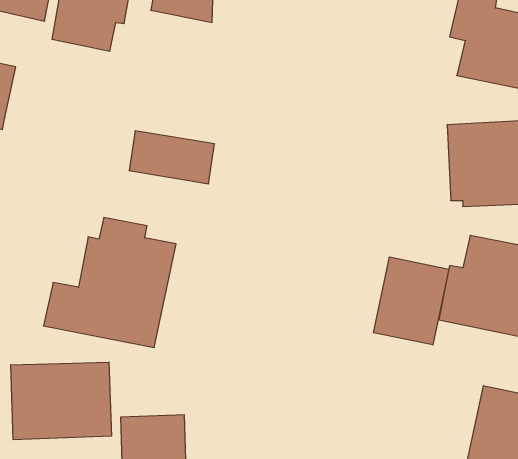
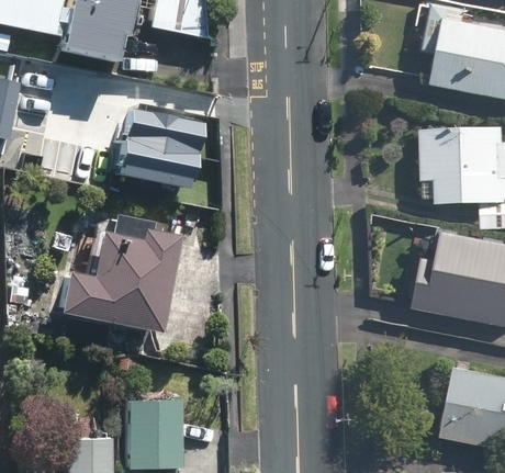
building: none -> [136,105,214,148]
building: [374,257,449,345] -> none
building: [11,362,111,440] -> none

